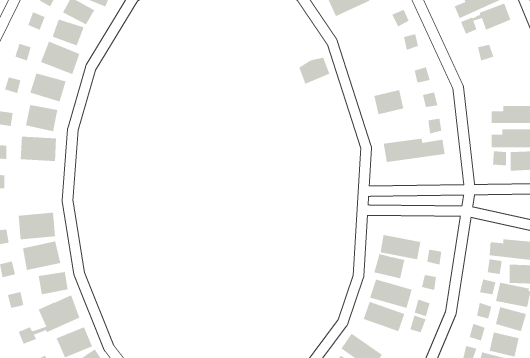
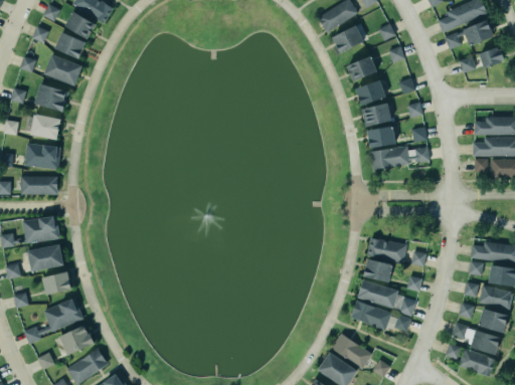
building: none -> [333,27,363,53]
building: none -> [479,47,505,69]
building: [298,57,330,85] -> [346,54,376,80]
building: none -> [356,80,385,106]
building: none -> [367,127,395,148]
building: none -> [20,177,58,195]

